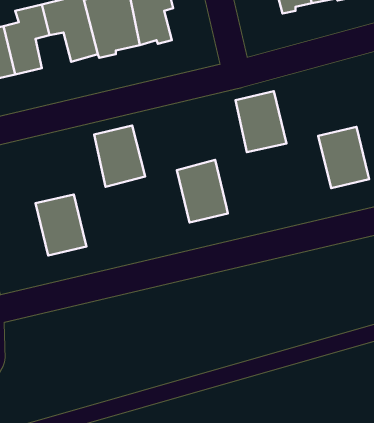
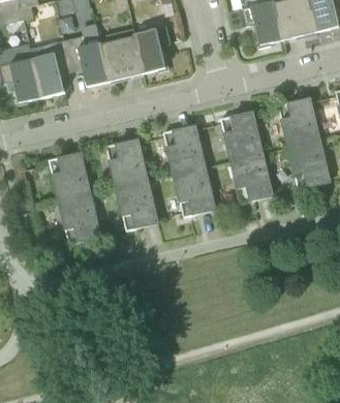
building: none -> [278,96,319,146]
building: none -> [163,123,205,174]
building: none -> [49,151,90,200]
building: none -> [230,152,273,203]
building: none -> [116,179,158,229]

